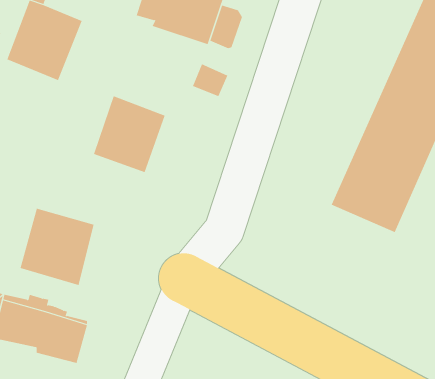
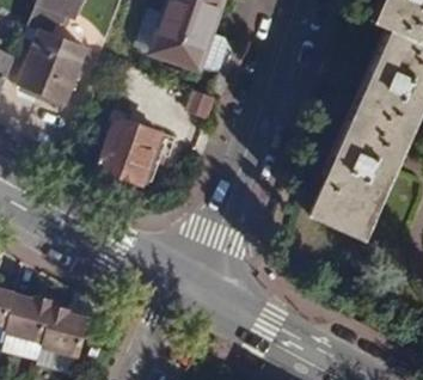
building: [20,208,94,286] -> none

